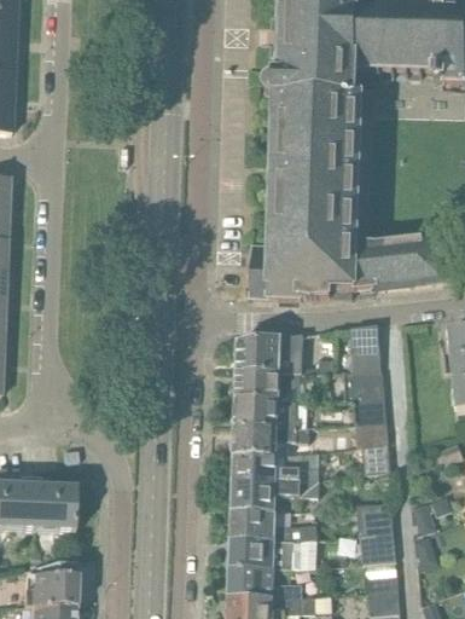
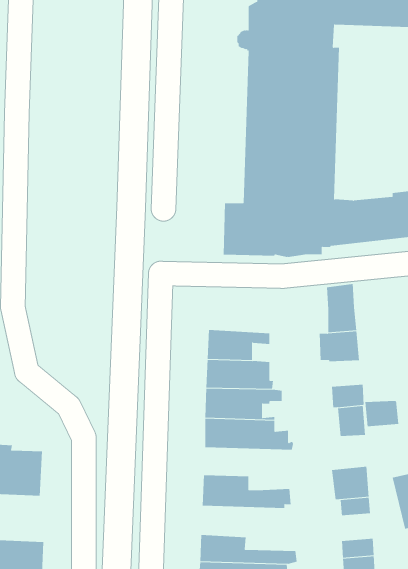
building: [237,332,315,372] -> none
building: [354,398,388,423] -> [364,401,399,427]
building: [232,482,319,510] -> none
building: [229,539,312,569] -> none

